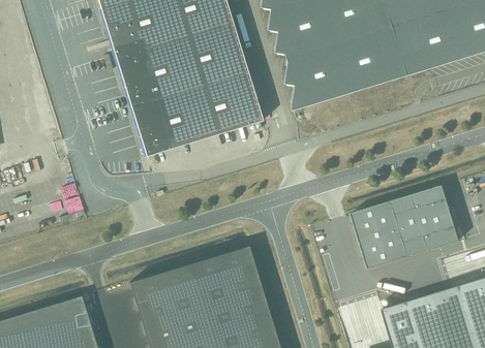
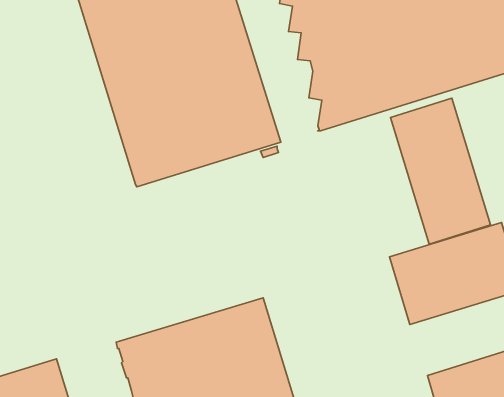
building: none -> [390,98,491,244]

